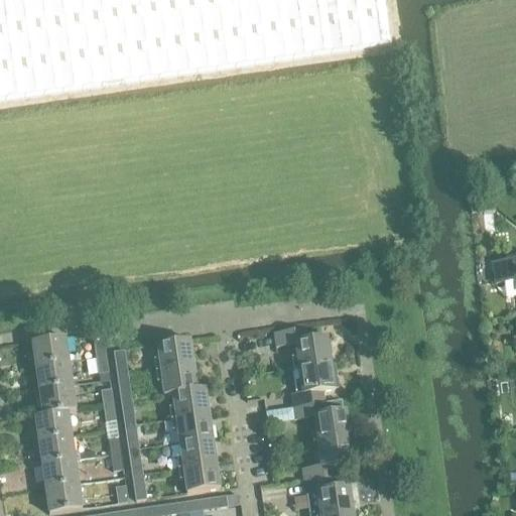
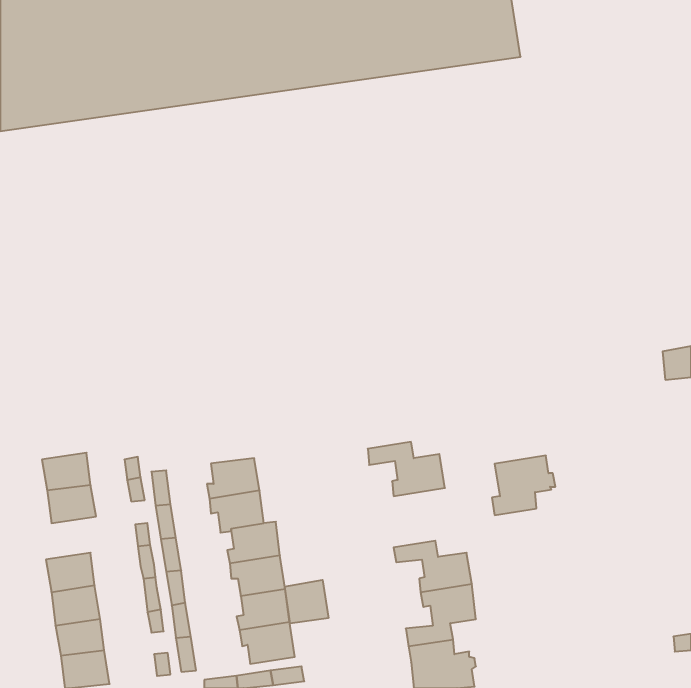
building: [291,364,339,408] -> [492,456,555,515]
building: [38,385,75,415] -> none
building: none -> [285,580,328,624]

